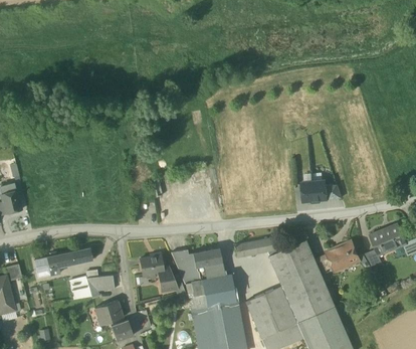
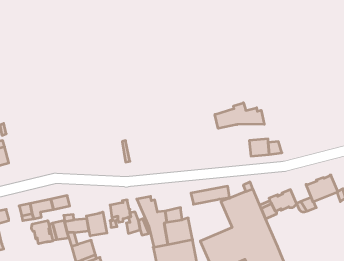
building: none -> [215,103,264,128]
building: [192,248,222,268] -> none
building: none -> [86,212,107,236]
building: none -> [31,221,53,244]

